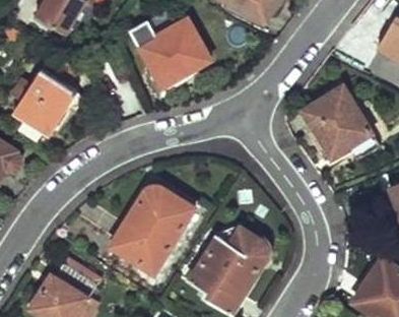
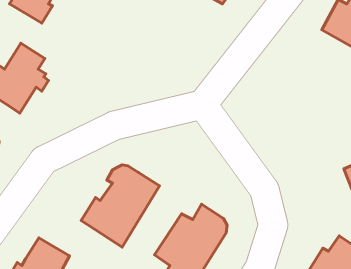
building: [132,18,208,84] -> none
building: [301,85,371,158] -> none

